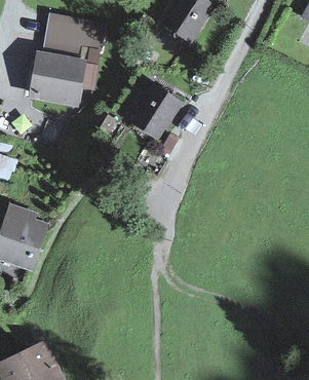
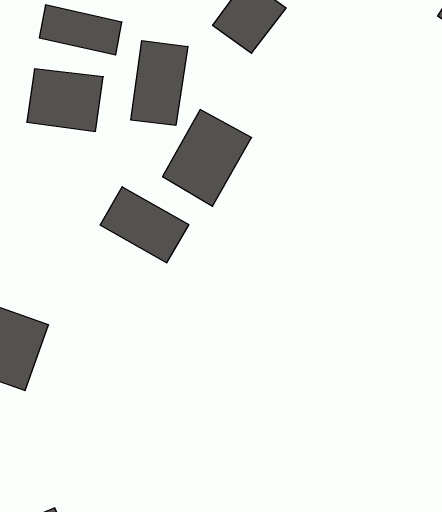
building: none -> [131,41,188,125]
building: none -> [100,187,189,263]

